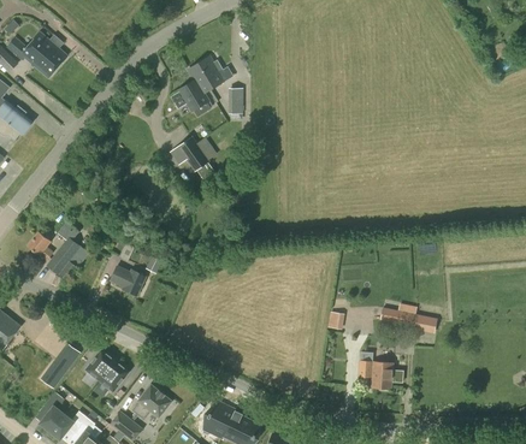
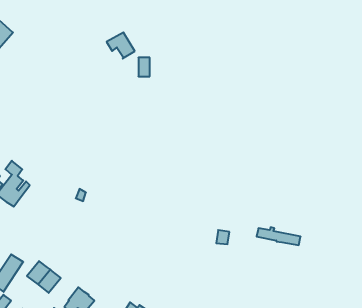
building: [179,76,209,116] -> none
building: [170,136,209,172] -> none
building: [111,266,146,296] -> none
building: [359,361,392,389] -> none

